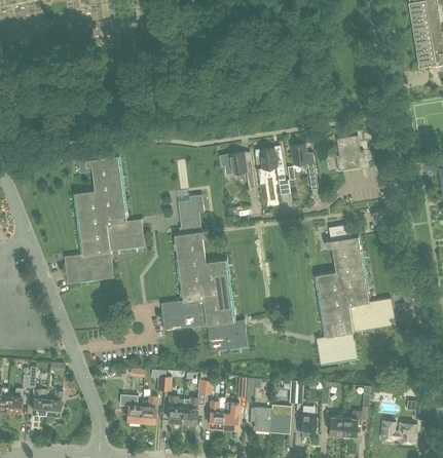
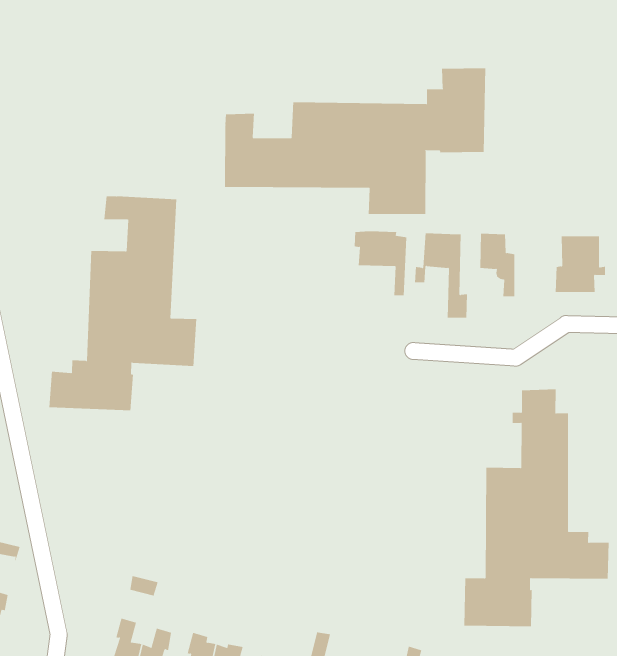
building: none -> [224,67,486,215]
building: [160,195,248,351] -> none

